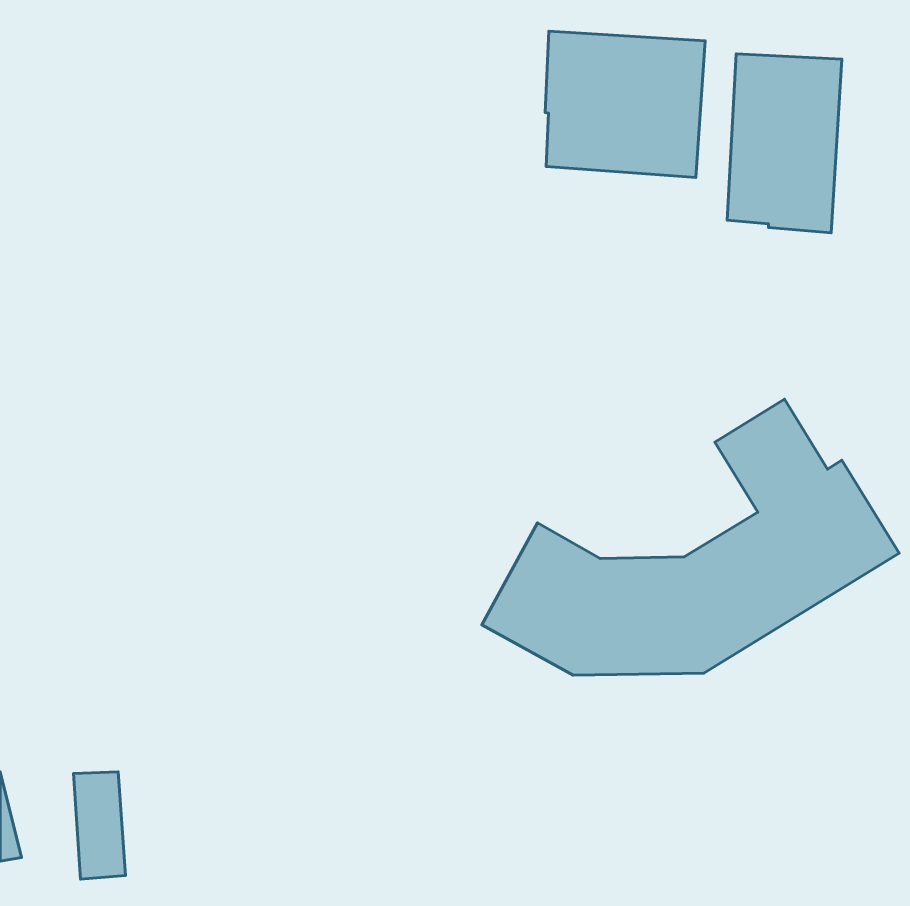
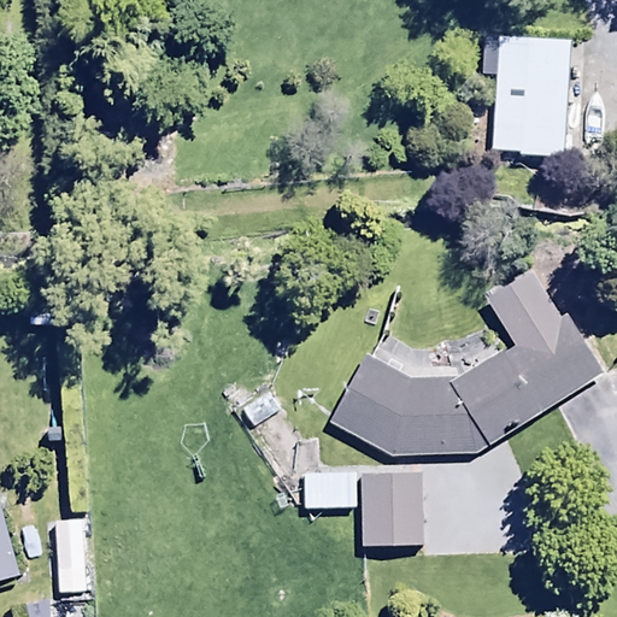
building: [545,31,705,178] -> none
building: none -> [304,471,423,546]

